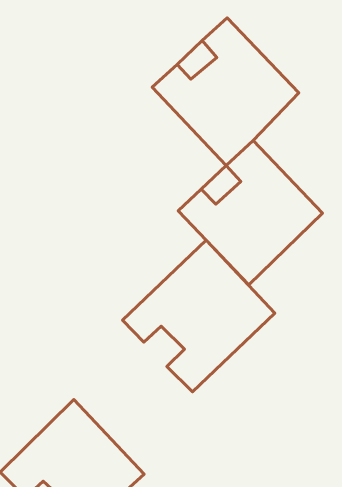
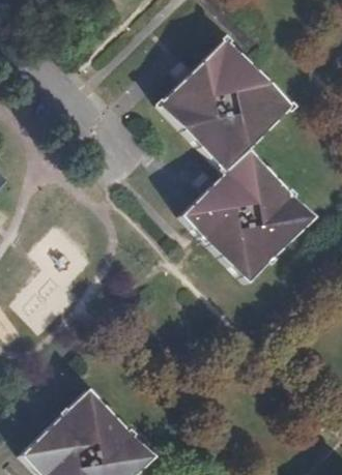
building: [123,240,275,392] -> none

